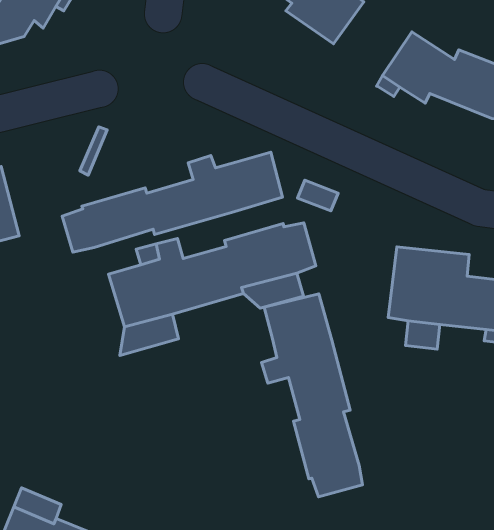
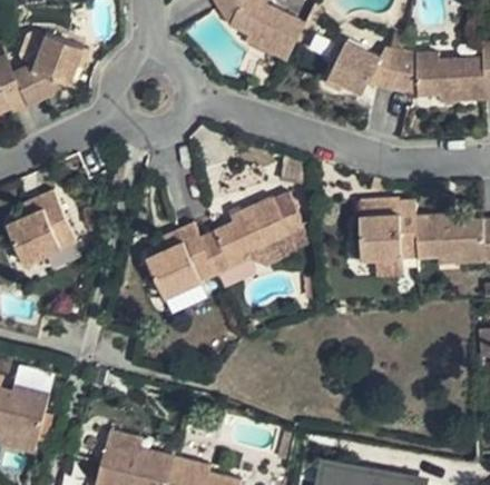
building: [62,152,282,252] -> none
building: [262,294,363,497] -> none

